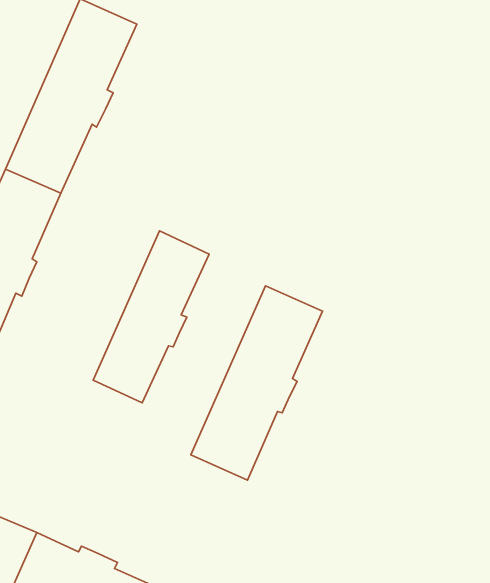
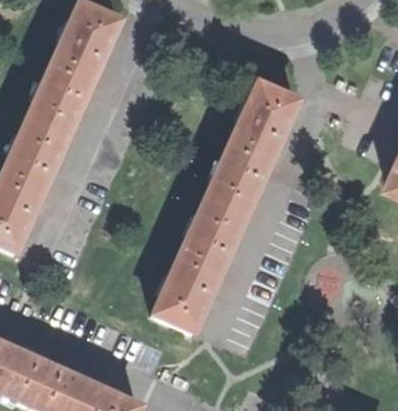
building: none -> [206,83,296,216]
building: [93,231,209,403] -> none

